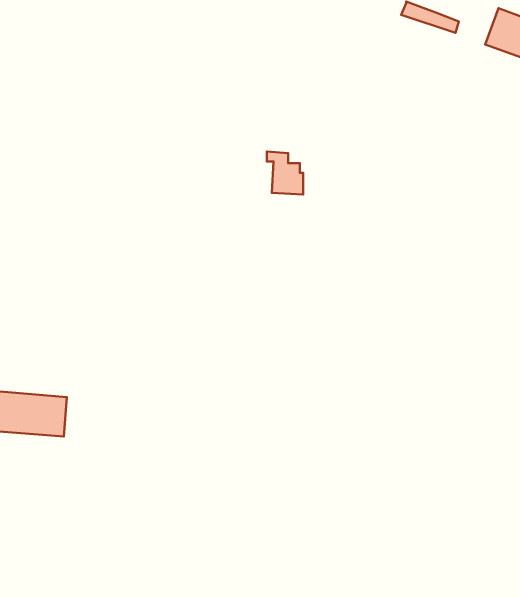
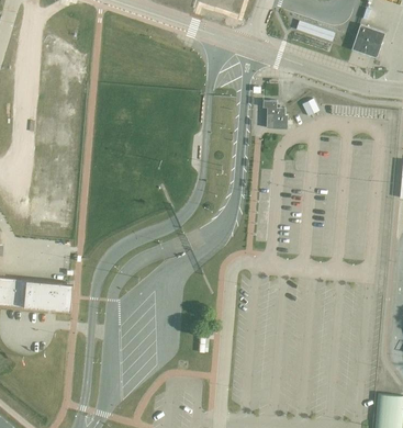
building: [267,152,303,194] -> [262,101,287,129]

